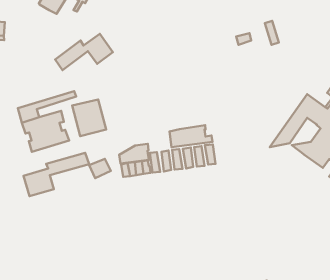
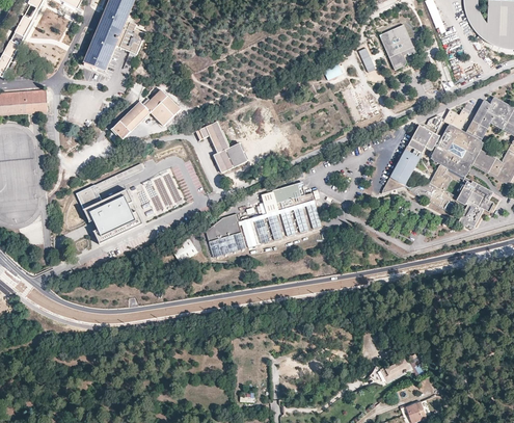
building: none -> [378,23,415,69]
building: none -> [195,120,247,171]
building: [24,153,89,196] -> none

